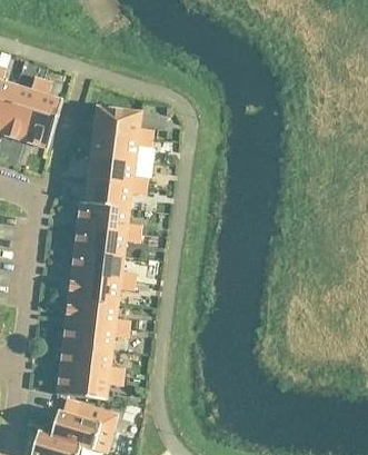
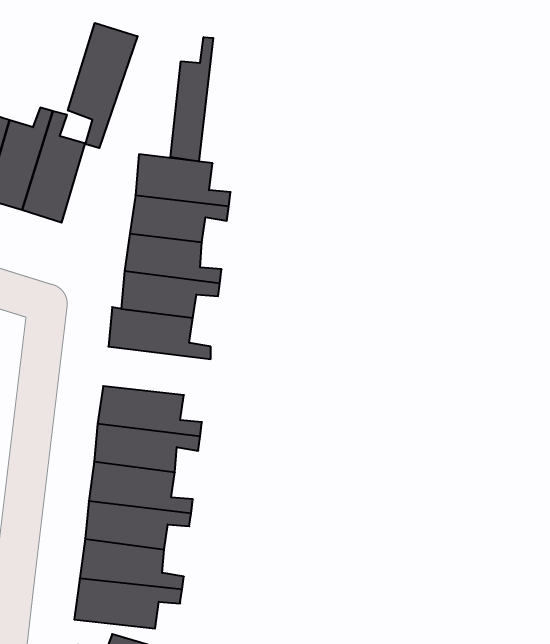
building: none -> [68,23,138,148]
building: none -> [171,37,213,162]
building: [73,225,140,255] -> none

